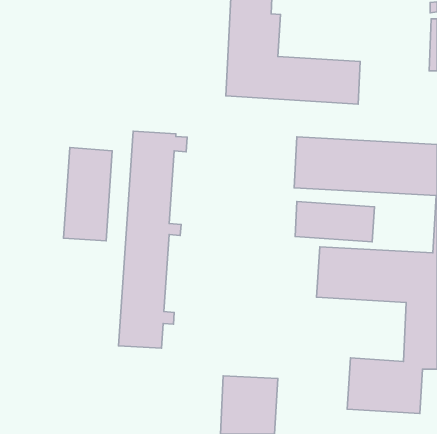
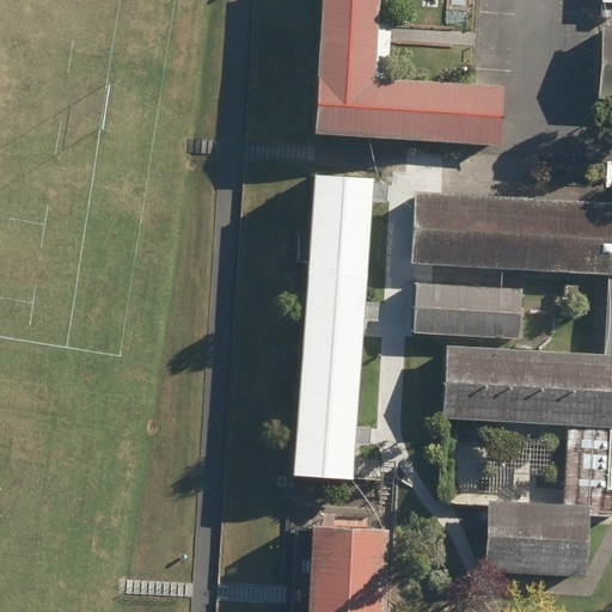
building: [119,131,187,348] -> [294,175,390,478]
building: [64,147,112,241] -> none

